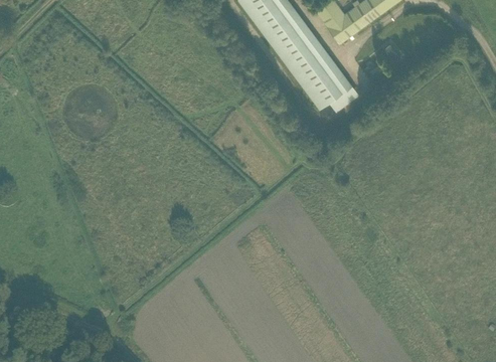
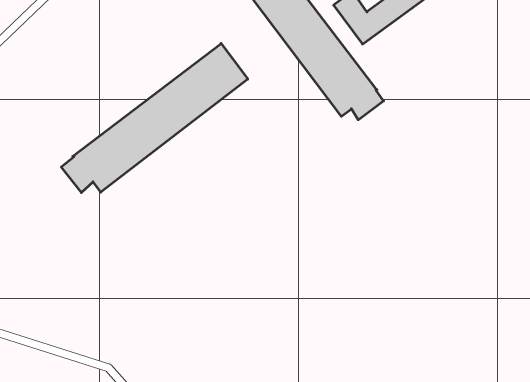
building: none -> [61,43,248,193]

